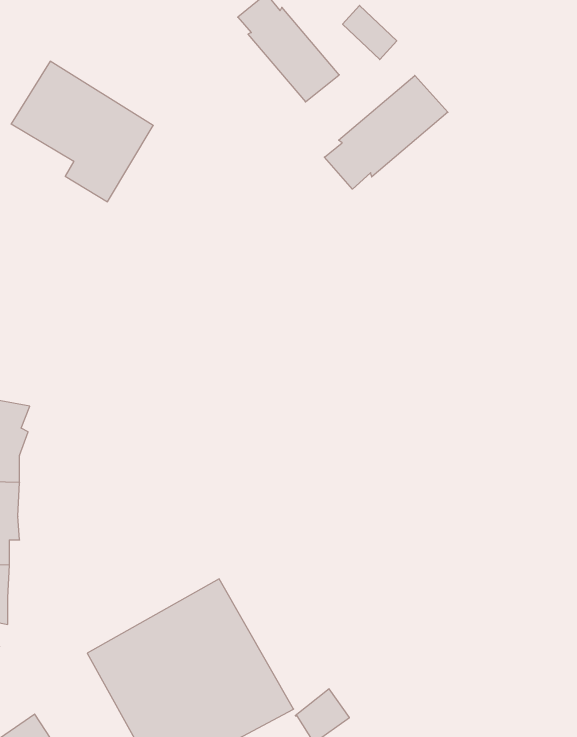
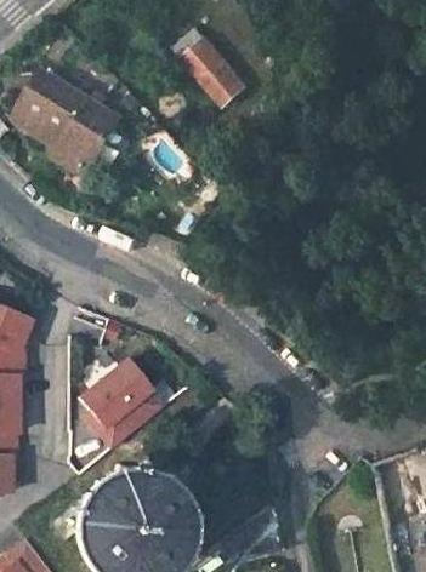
building: [324,75,448,189] -> none
building: none -> [80,351,177,453]

